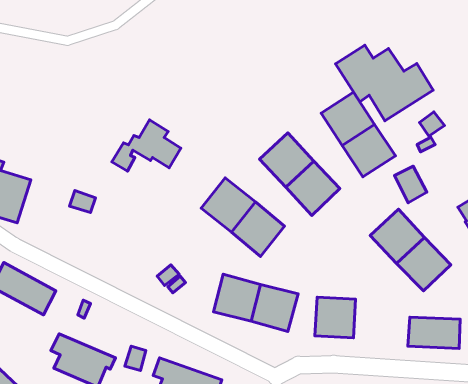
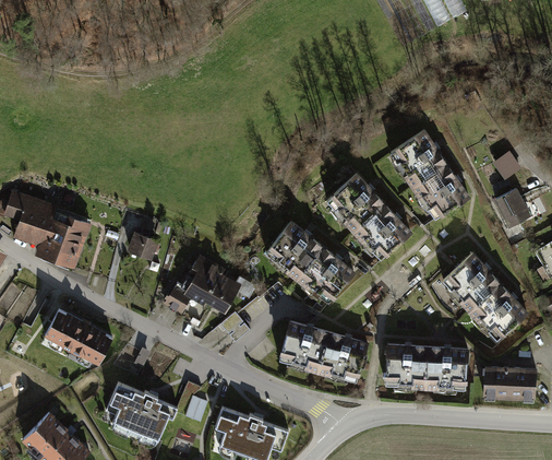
building: [335,45,433,121] -> none
building: [112,120,181,171] -> [164,259,236,312]
building: [394,166,427,203] -> [494,189,528,227]
building: none -> [424,347,467,390]

